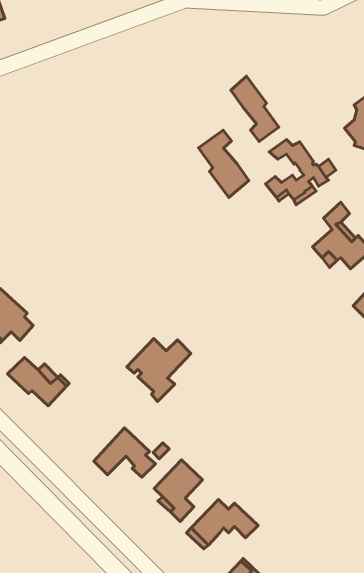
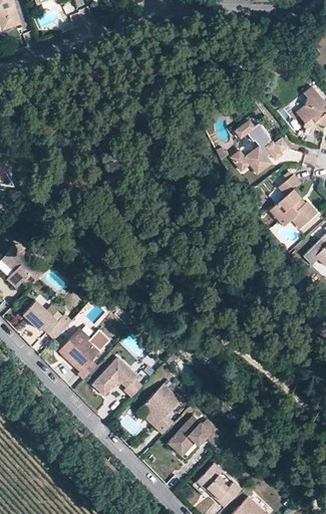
building: [231,76,279,141] -> none
building: [199,130,249,198] -> none
building: [127,339,191,401] -> [58,328,110,379]

